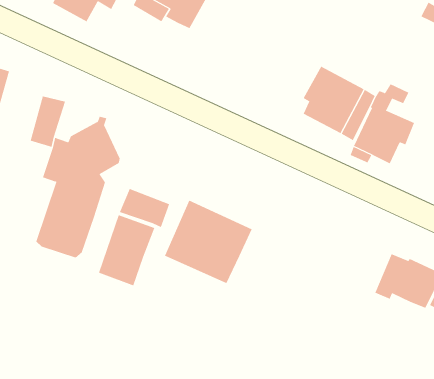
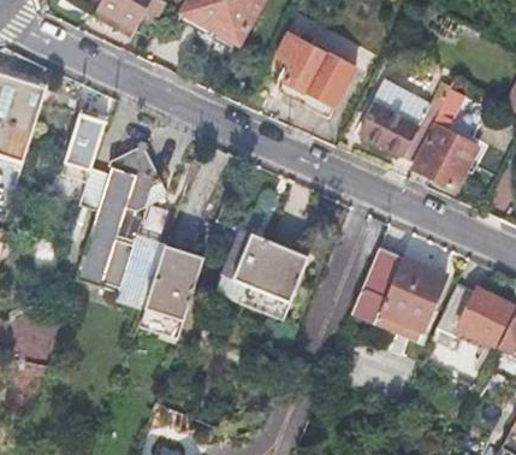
building: none -> [279,29,357,114]
building: [119,188,170,228] -> none
building: none -> [349,248,444,331]

